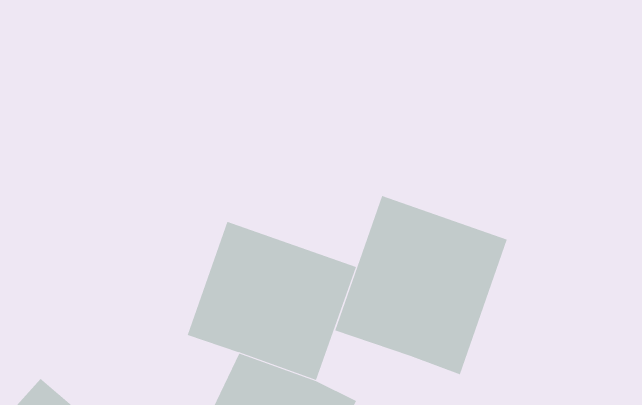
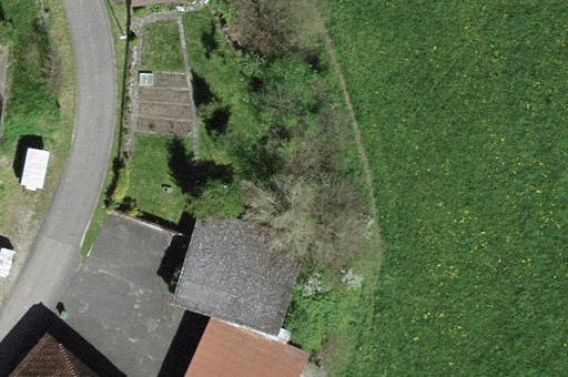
building: [335,195,508,375] -> none

